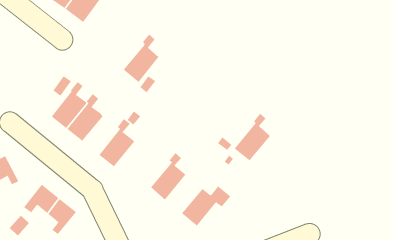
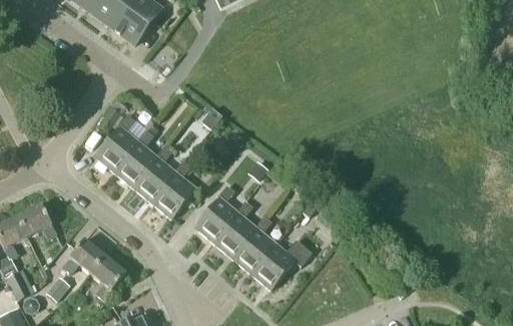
building: [123,34,160,83] -> [133,144,177,204]
building: [234,113,271,161] -> [232,216,277,274]
building: none -> [195,186,239,243]

